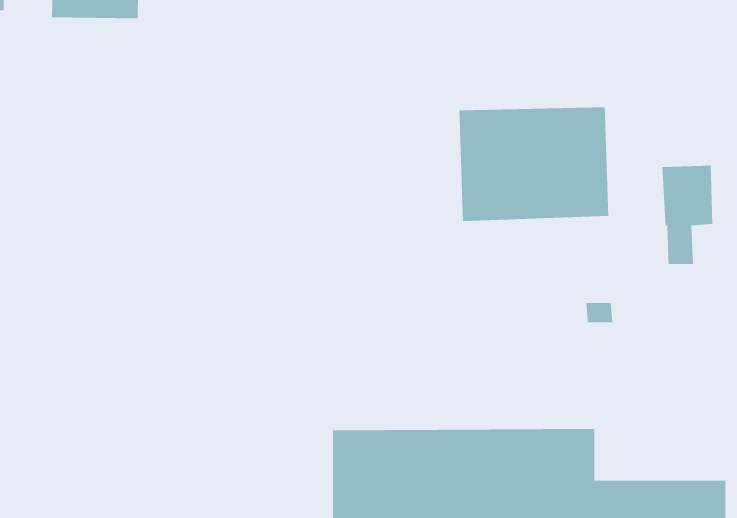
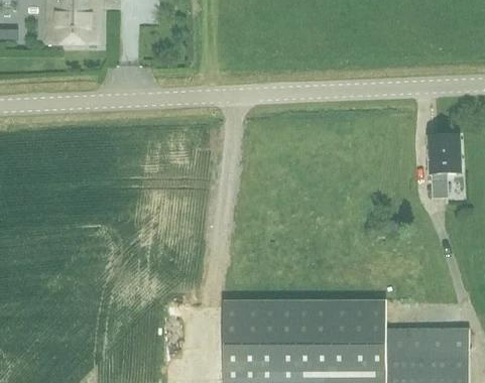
building: [458,107,609,222] -> none

